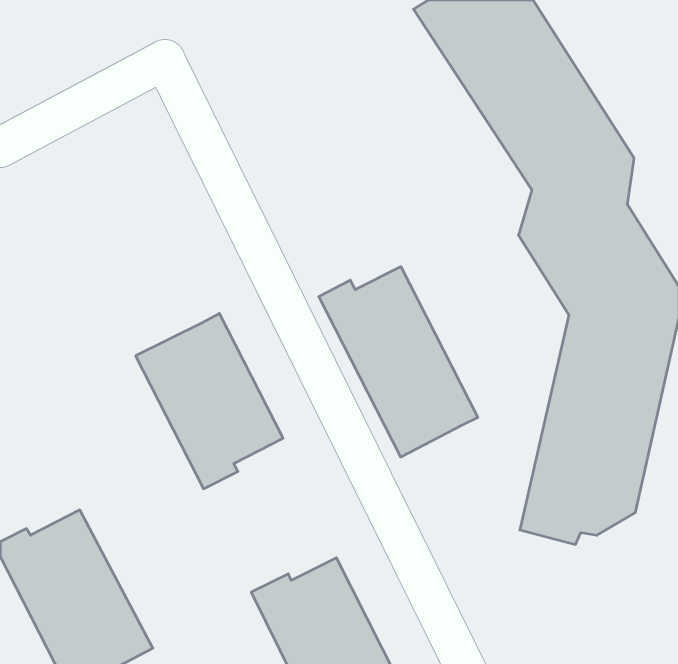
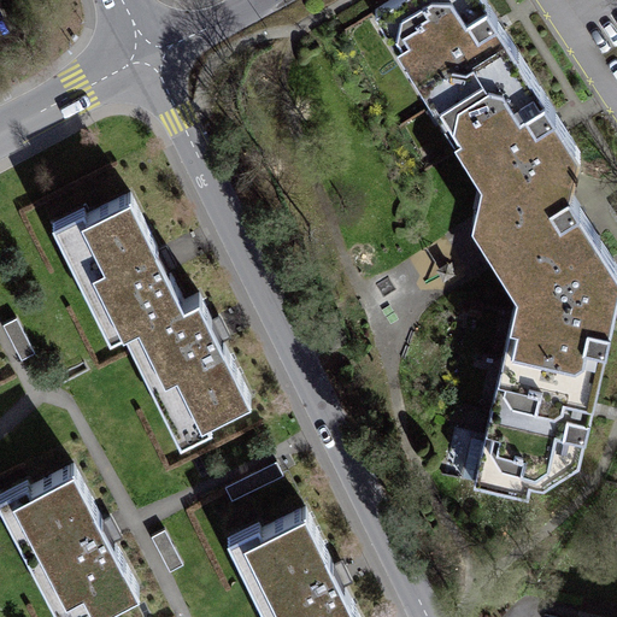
building: none -> [47,199,184,346]
building: [319,267,478,457] -> none

